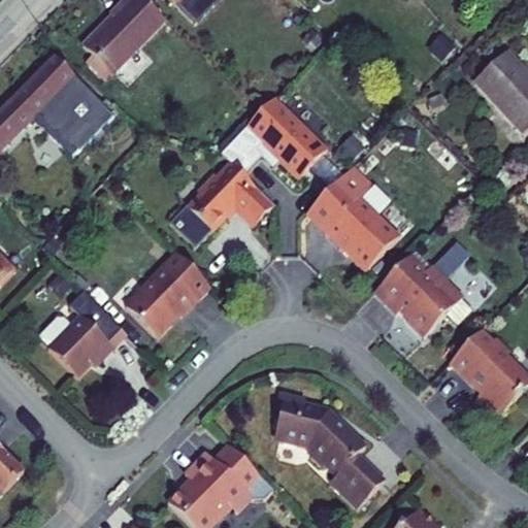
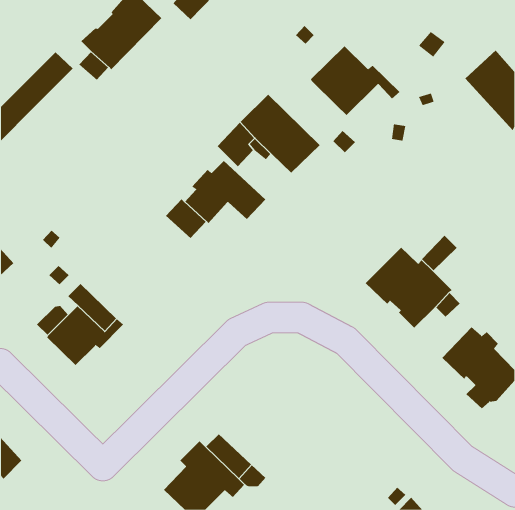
building: none -> [310,46,400,116]
building: [34,70,116,152] -> none
building: [312,168,401,273] -> none
building: [127,252,208,336] -> none
building: [274,390,384,507] -> none

